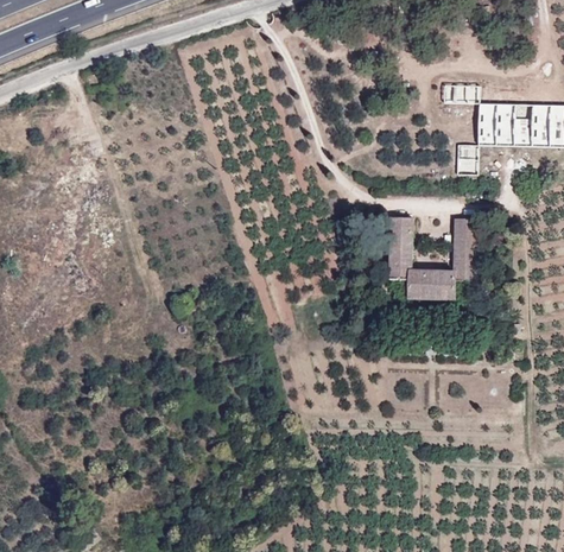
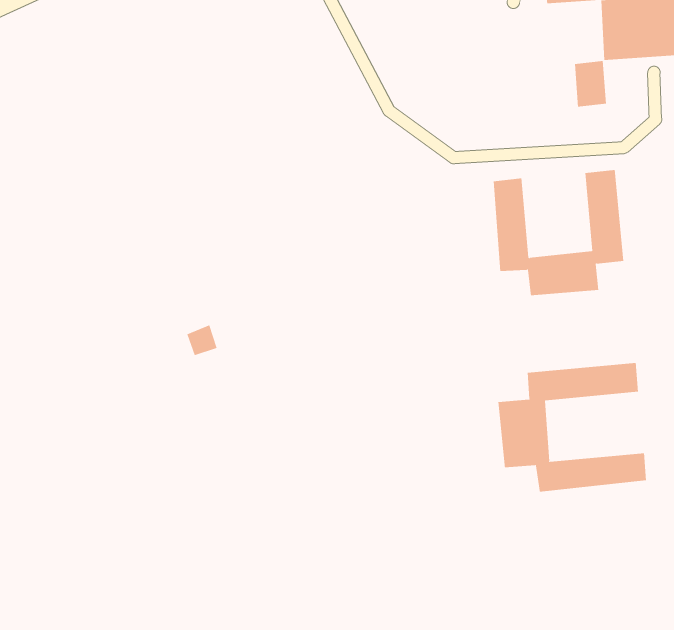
building: none -> [498,362,646,492]

